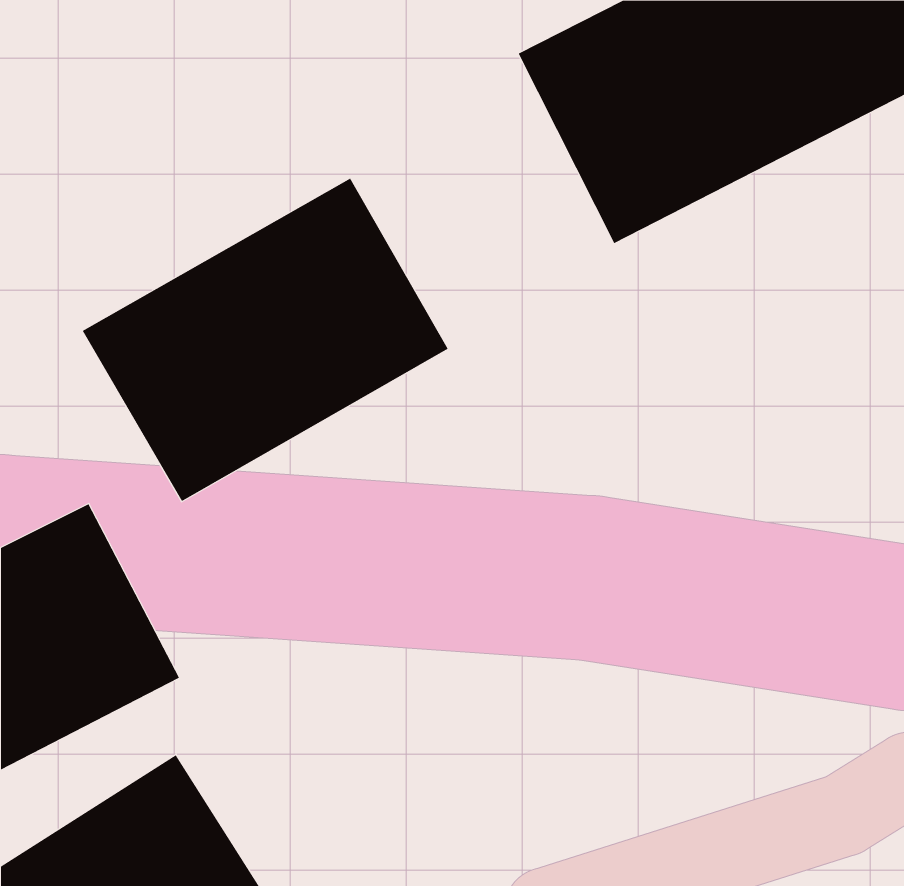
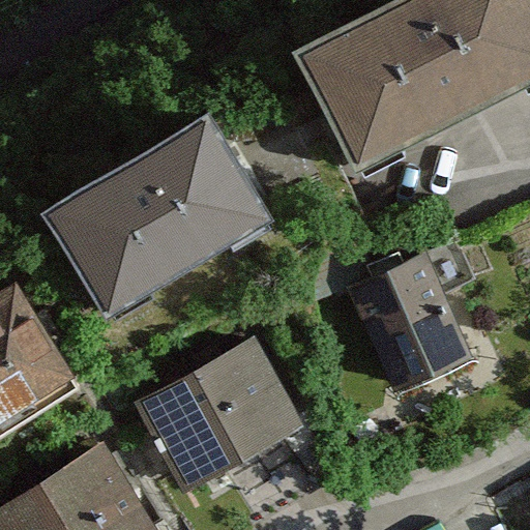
building: none -> [357,266,469,390]
building: none -> [143,345,299,487]

